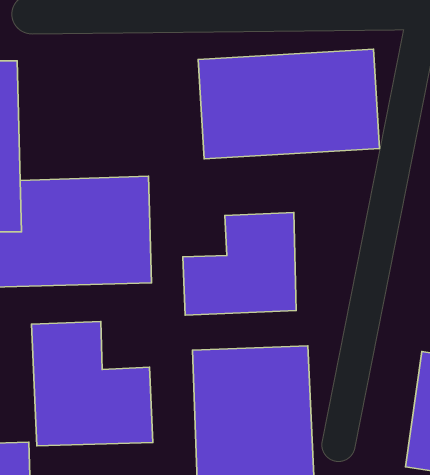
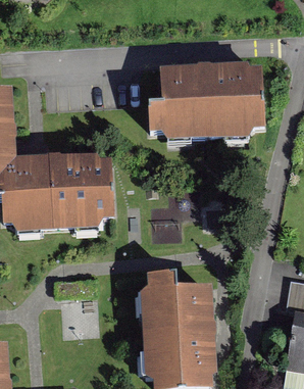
building: [183,212,296,315] -> none
building: [32,322,153,446] -> none

